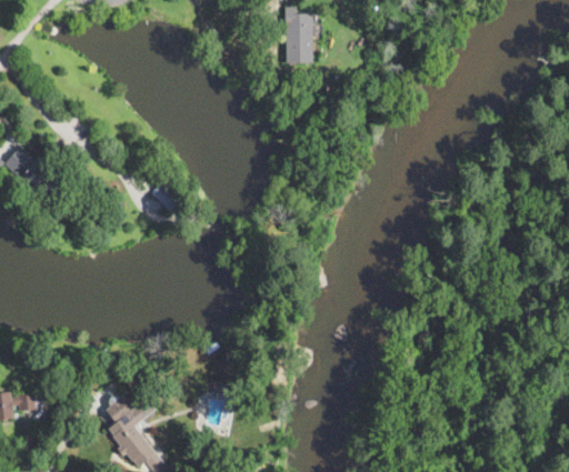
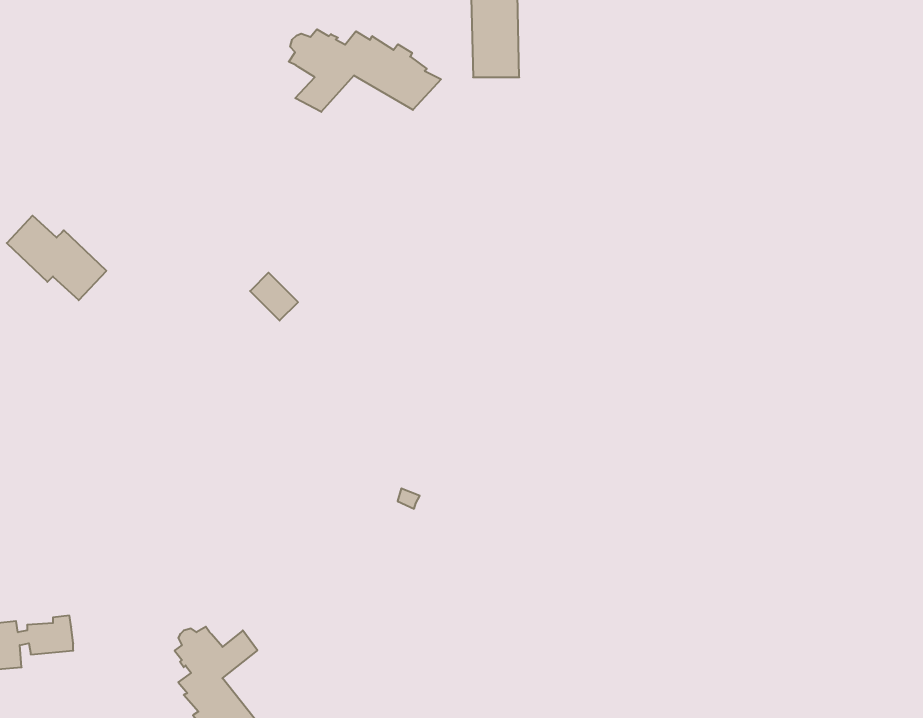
building: none -> [289,29,441,112]

